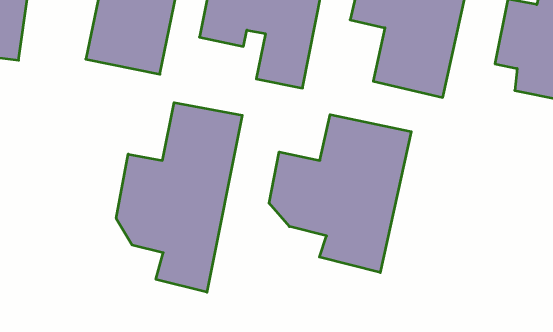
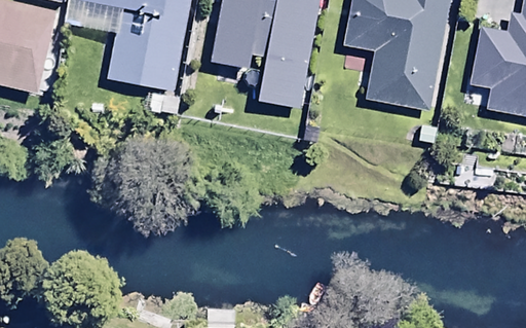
building: [116,103,242,292] -> none
building: [269,115,411,273] -> none

